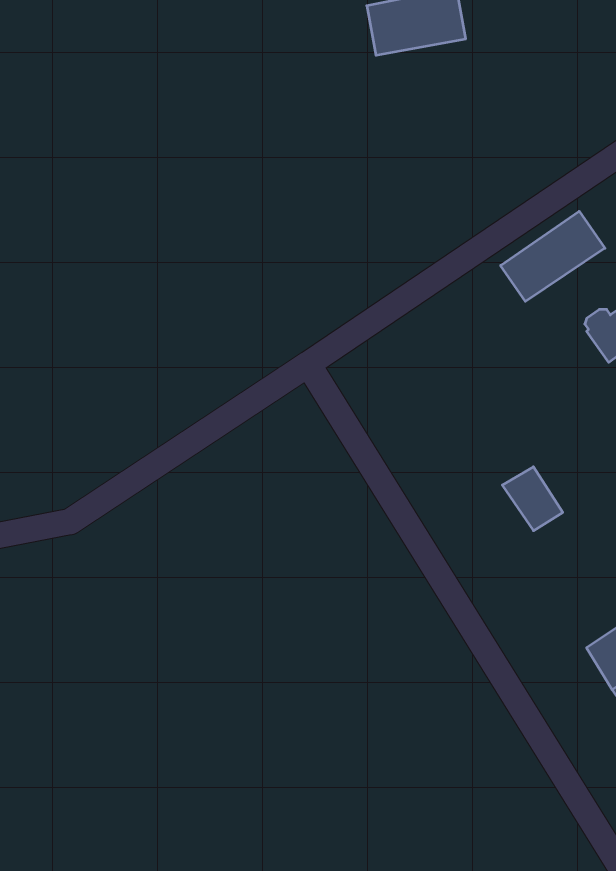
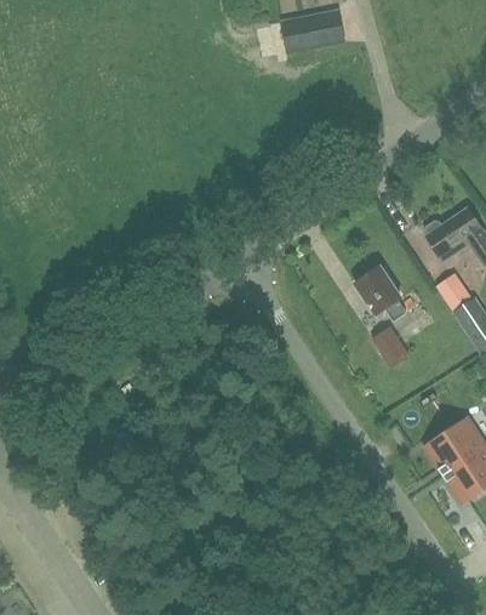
building: [501,211,605,301] -> none
building: none -> [354,267,405,321]

